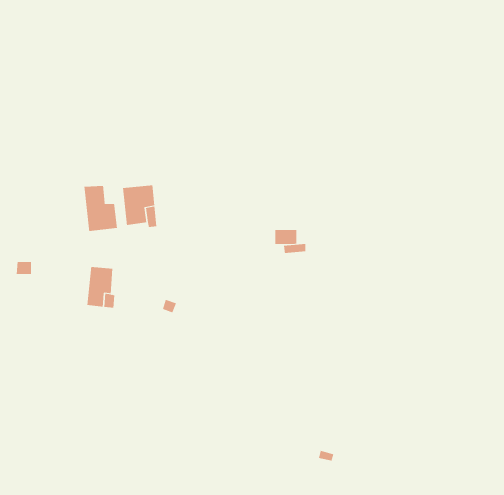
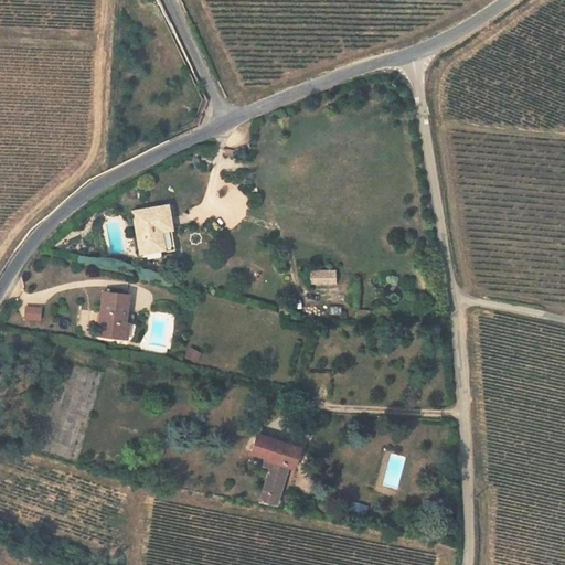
building: [84,185,117,232] -> none
building: none -> [252,435,298,507]

